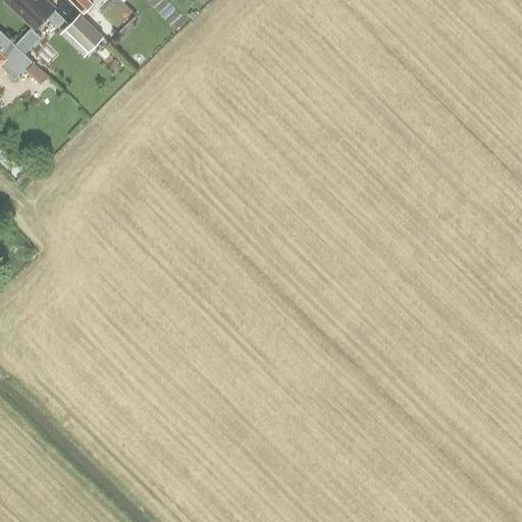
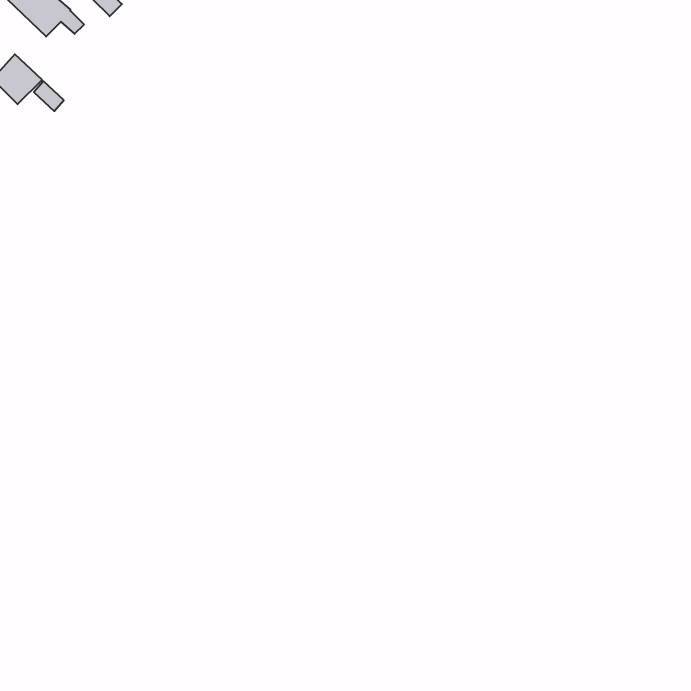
building: [65,13,103,50] -> none

